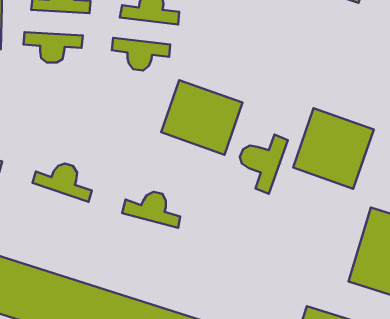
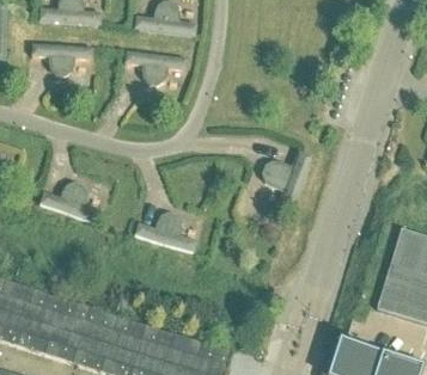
building: [161,80,243,155] -> none
building: [293,108,374,189] -> none

